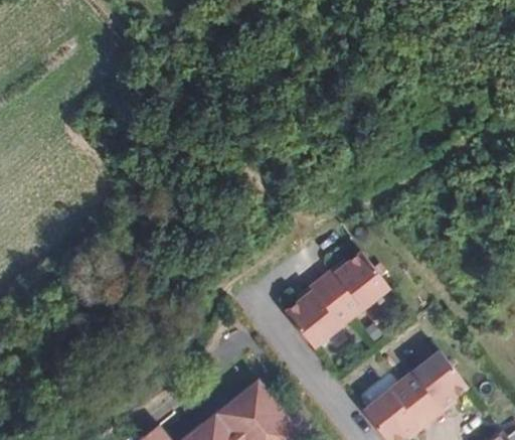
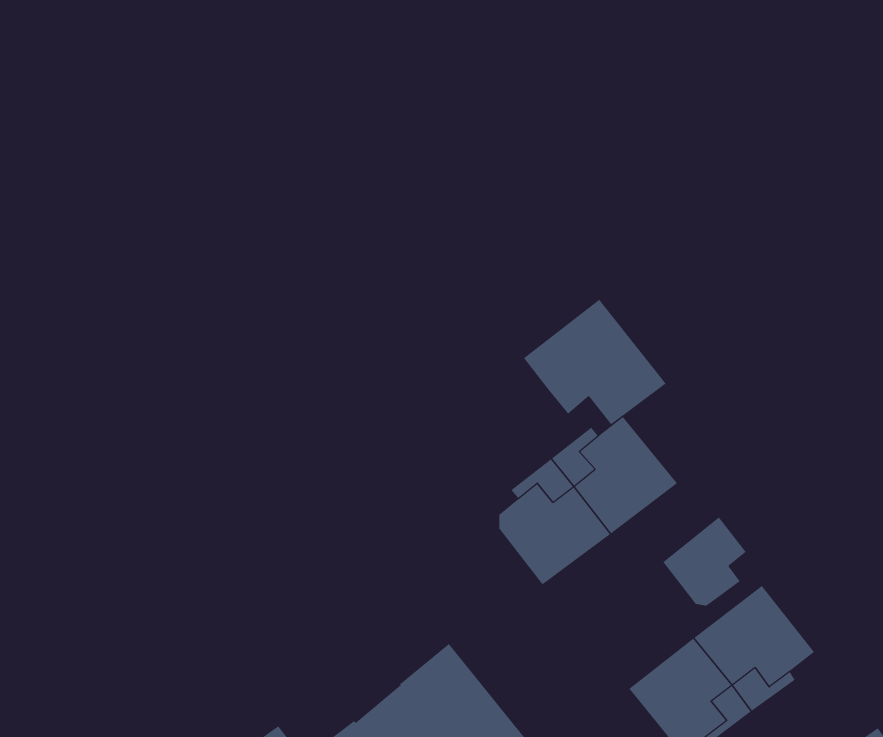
building: none -> [523,299,667,425]
building: none -> [663,517,747,607]

